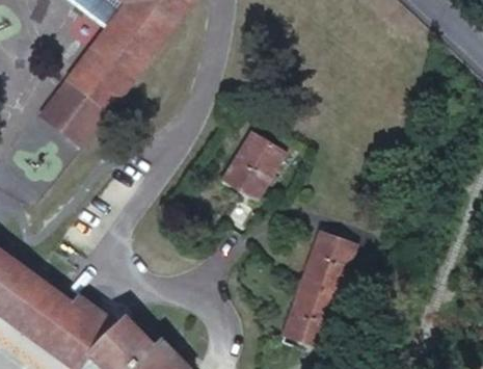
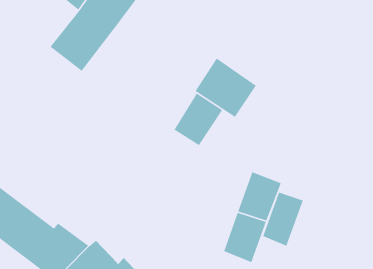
building: [41,75,108,142] -> none
building: none -> [195,58,257,118]
building: none -> [262,191,304,247]

